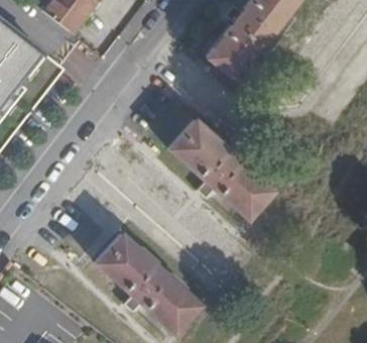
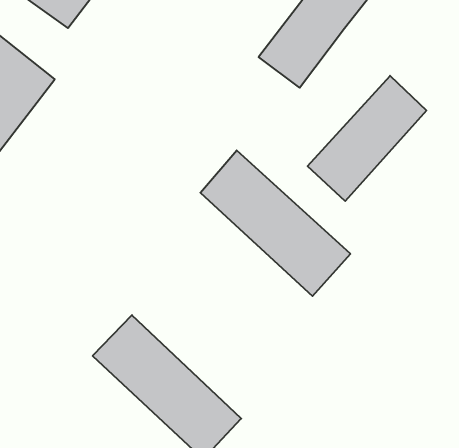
building: none -> [308,76,426,201]

